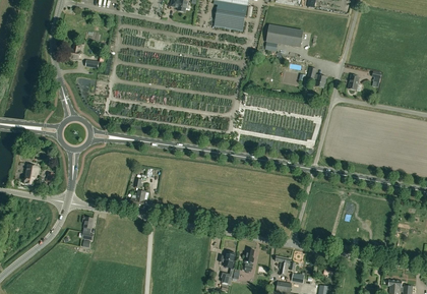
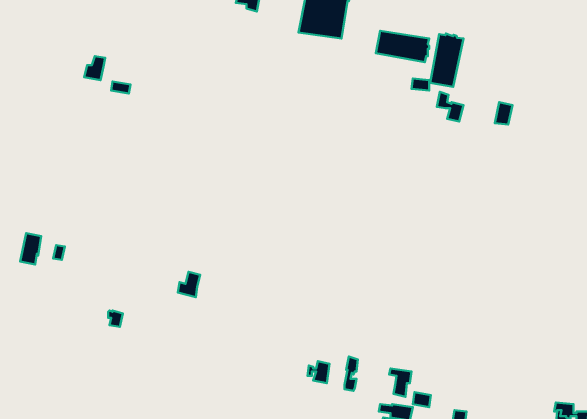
building: none -> [430,34,463,87]

